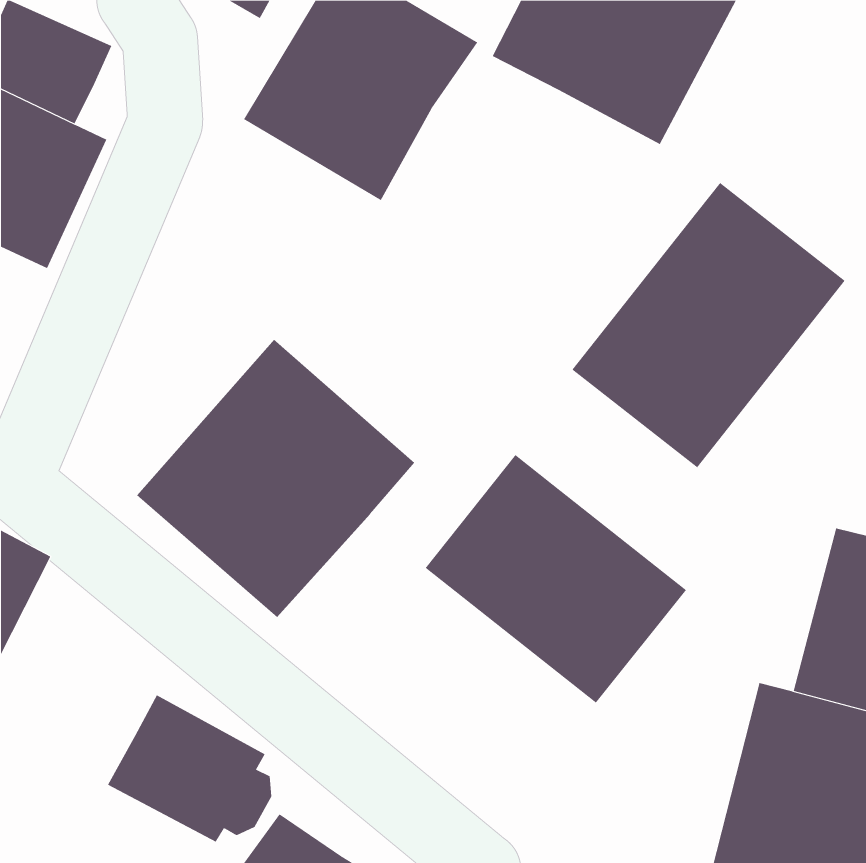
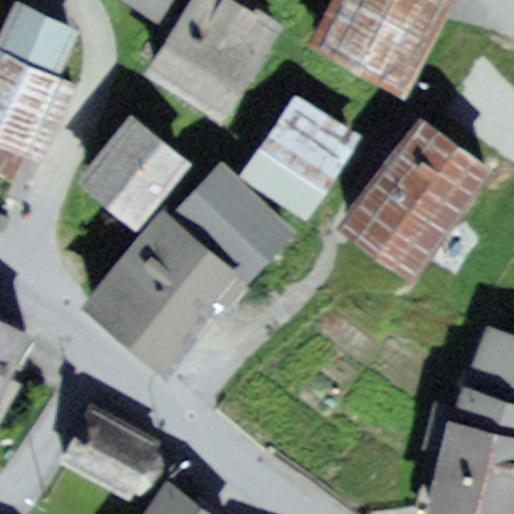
building: none -> [243,88,361,212]
building: none -> [76,119,182,227]
building: none -> [174,155,294,274]
building: [425,454,687,704] -> none

